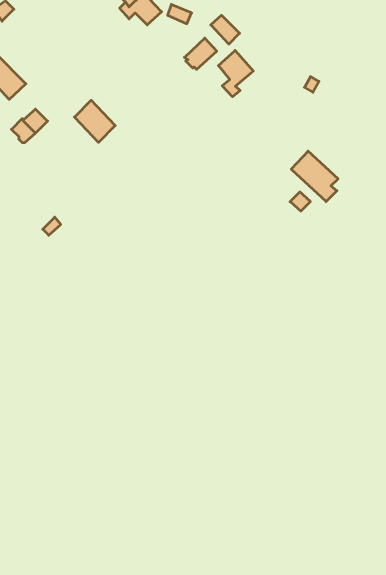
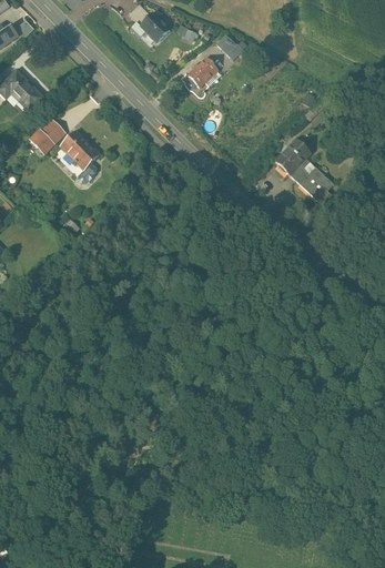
building: [218,50,253,97] -> none
building: [74,100,115,142] -> [60,130,98,169]
building: none -> [274,140,310,175]

